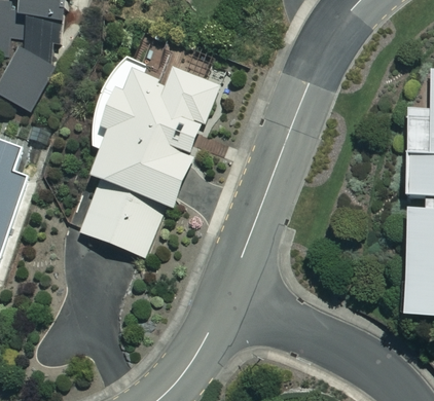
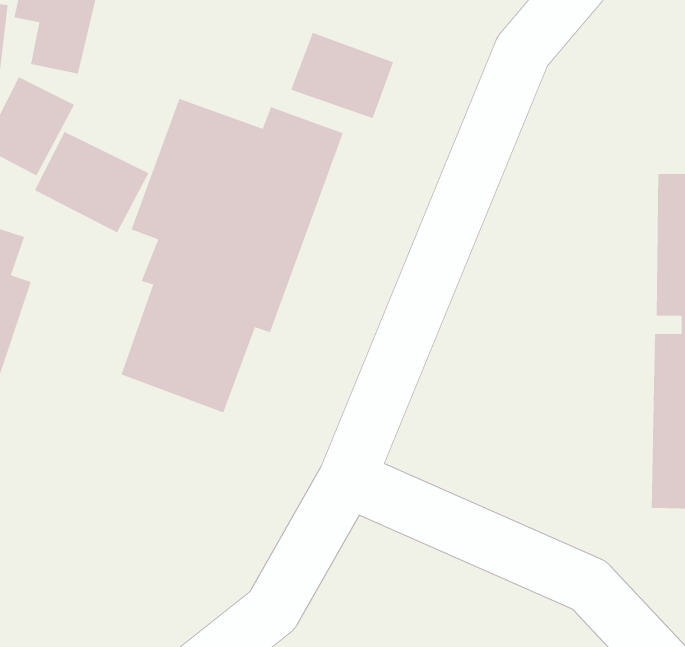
building: none -> [290,32,394,119]
building: none -> [34,131,149,234]

